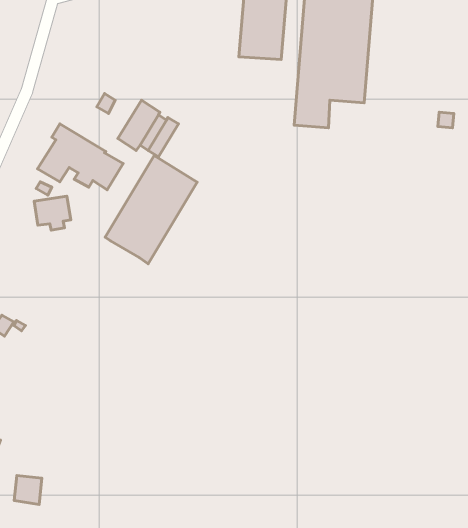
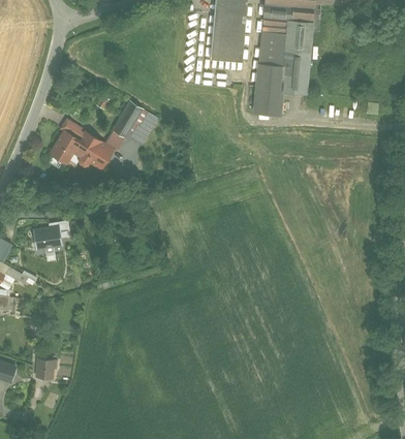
building: [105,155,197,264] -> none
building: [34,196,71,230] -> [30,229,59,256]
building: [14,476,42,505] -> [35,354,57,377]

